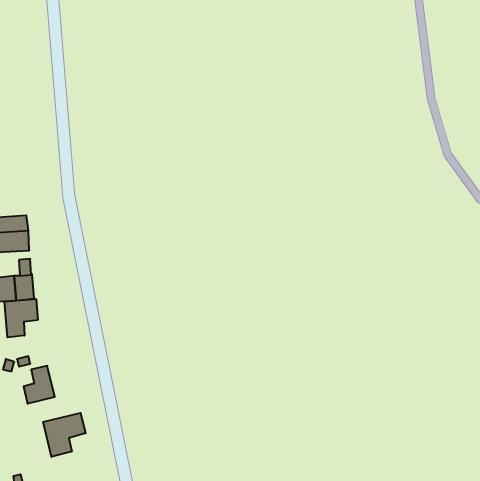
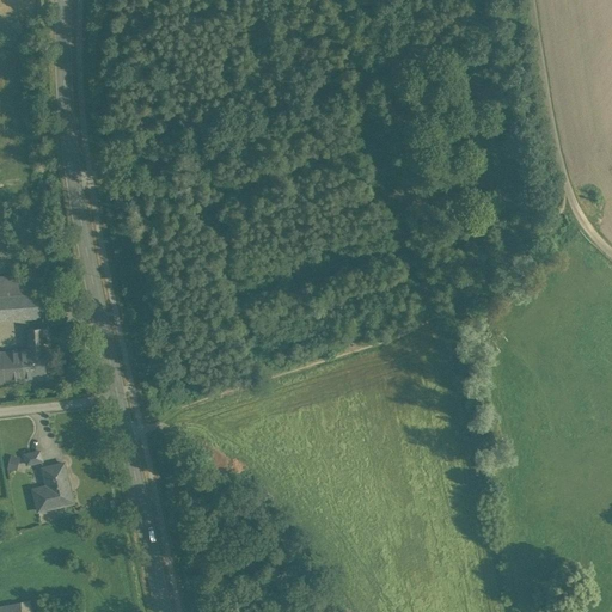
building: [5,299,38,337] -> none
building: [43,413,86,457] -> none

